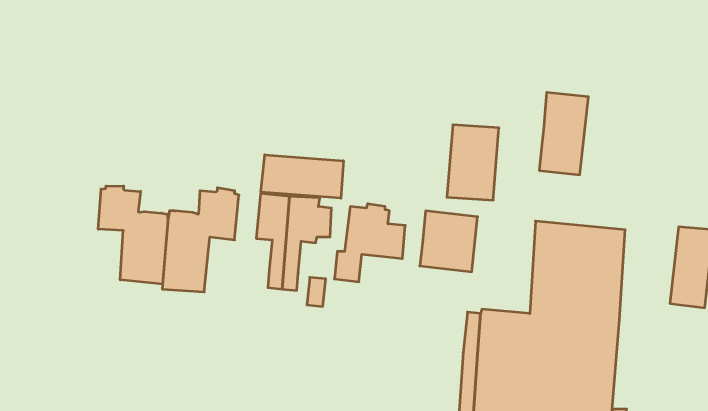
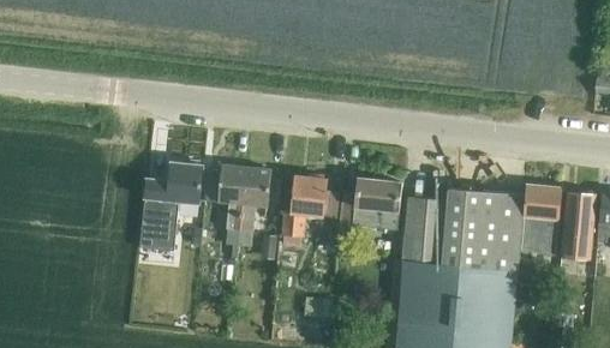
building: [539,92,588,175] -> [521,185,562,253]
building: [447,125,499,200] -> [405,198,448,260]
building: [261,155,343,198] -> none
building: [98,186,168,284] -> none

